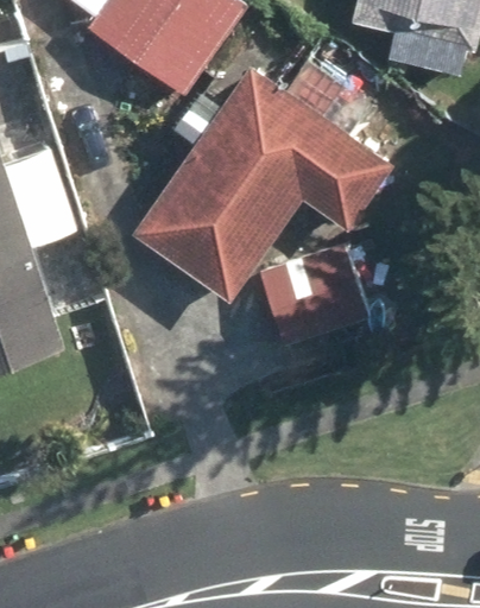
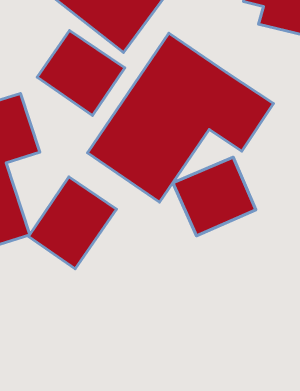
building: none -> [37,31,125,115]
building: none -> [29,177,116,269]

